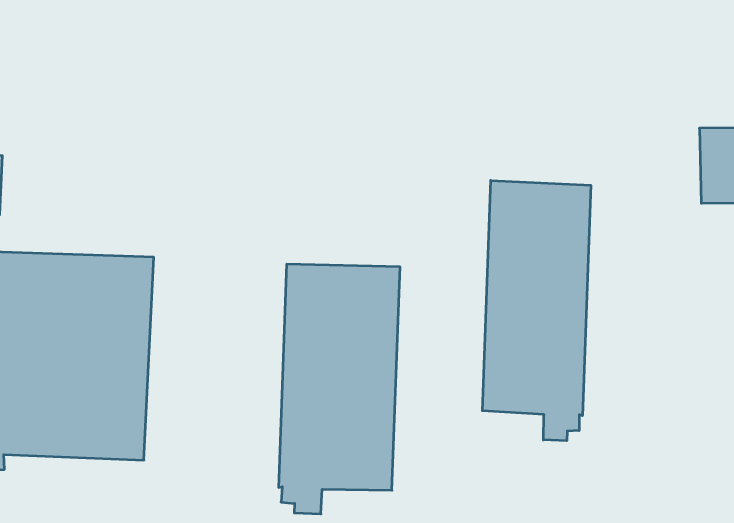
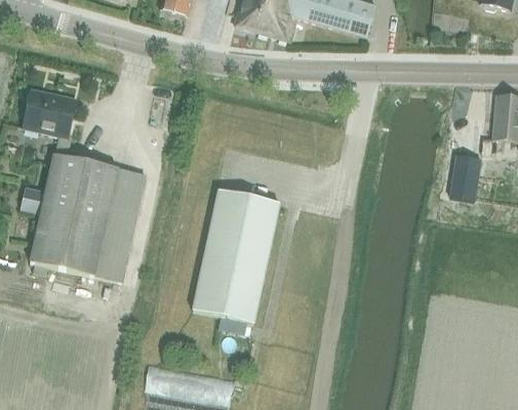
building: [482,180,591,441] -> none

